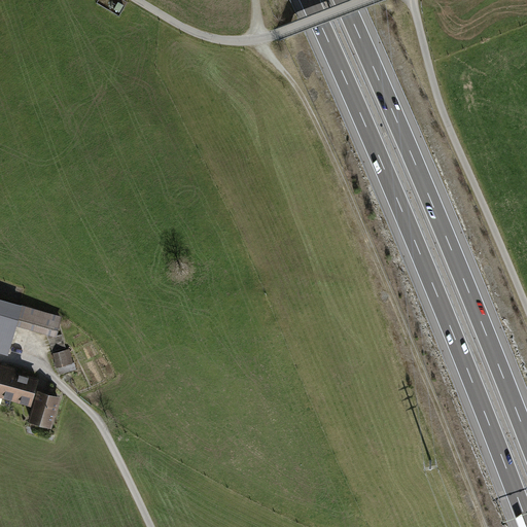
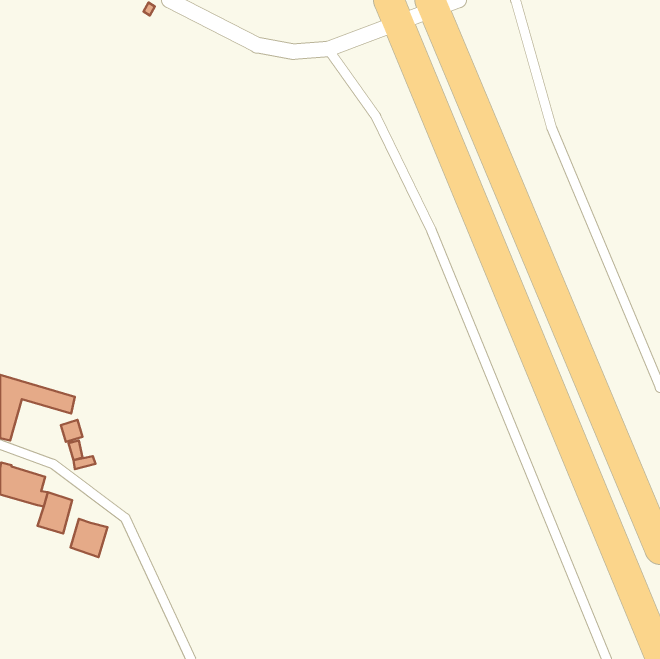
building: none -> [71,519,107,557]

